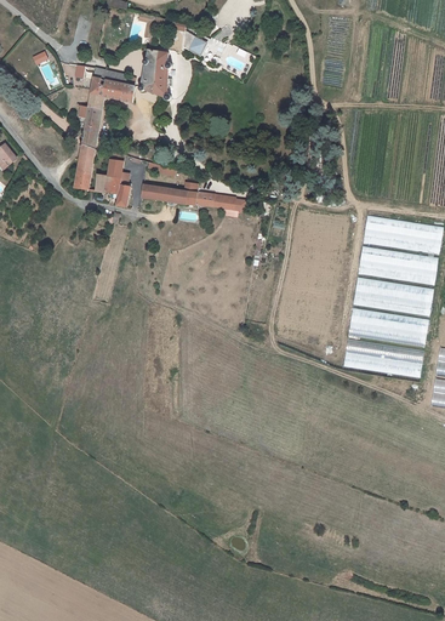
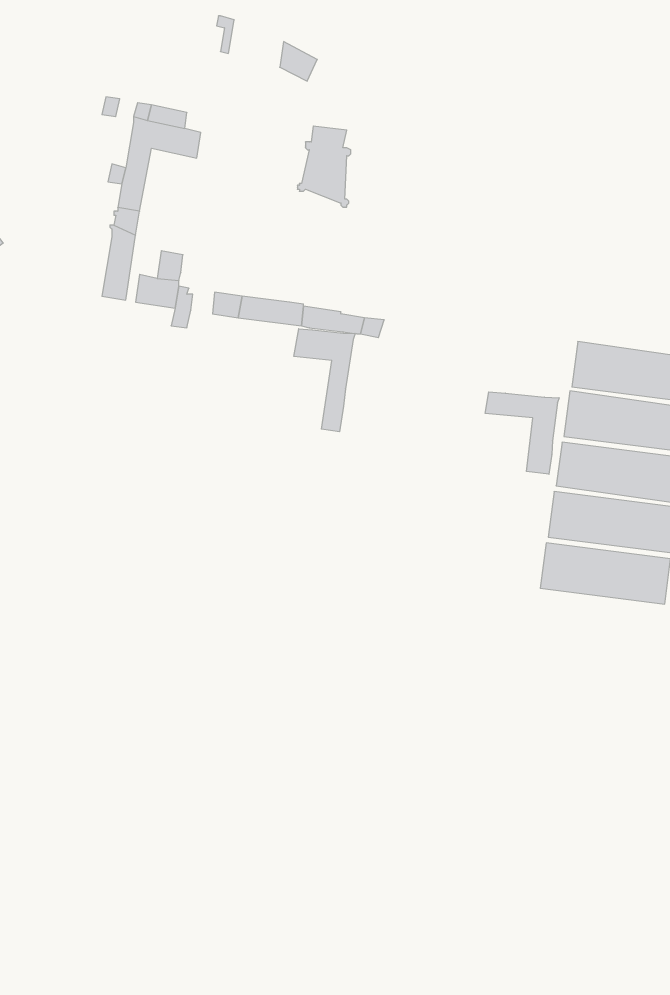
building: [138,50,171,99] -> [297,126,351,207]
building: none -> [294,329,355,432]
building: none -> [485,392,559,474]

